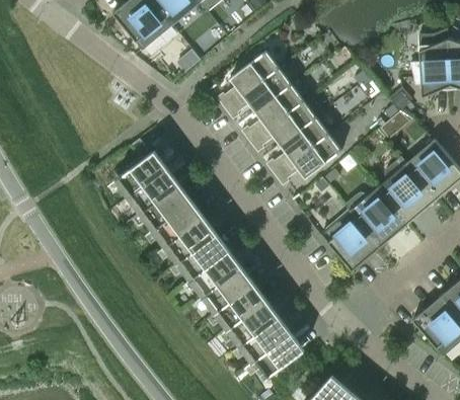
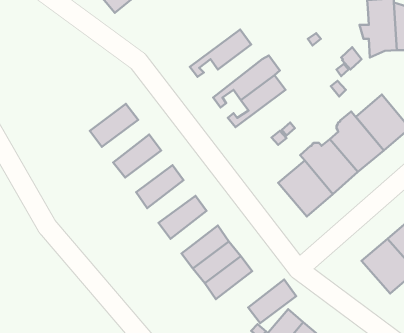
building: [217,51,280,108] -> none
building: [241,84,304,142] -> none
building: [275,134,342,185] -> none
building: [129,166,180,213] -> none
building: [154,199,206,245] -> none
building: [178,232,231,278] -> none
building: [204,265,255,312] -> none
building: [253,331,306,379] -> [248,280,296,323]

